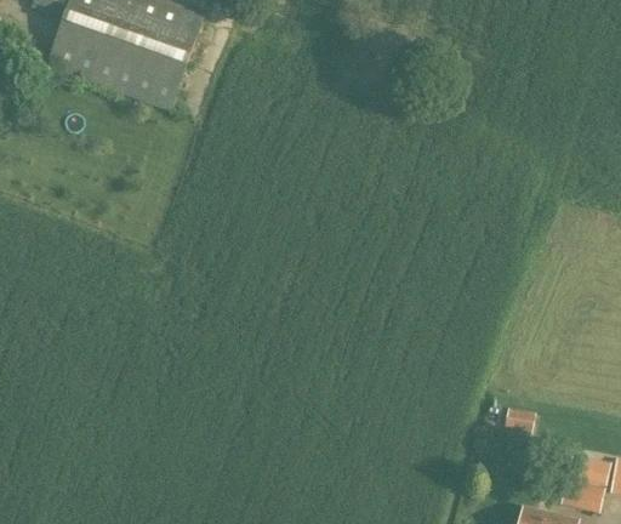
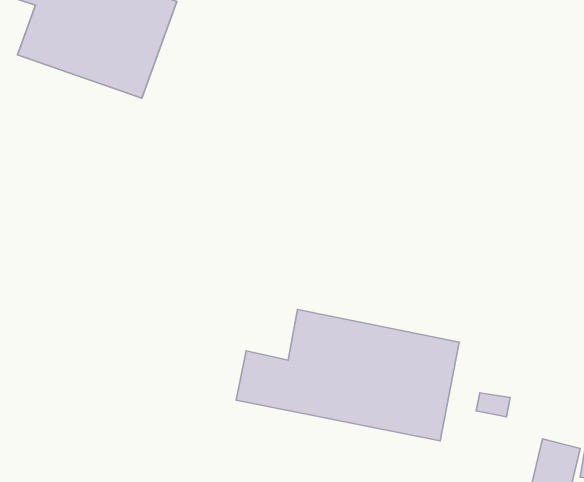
building: none -> [236,309,459,441]

